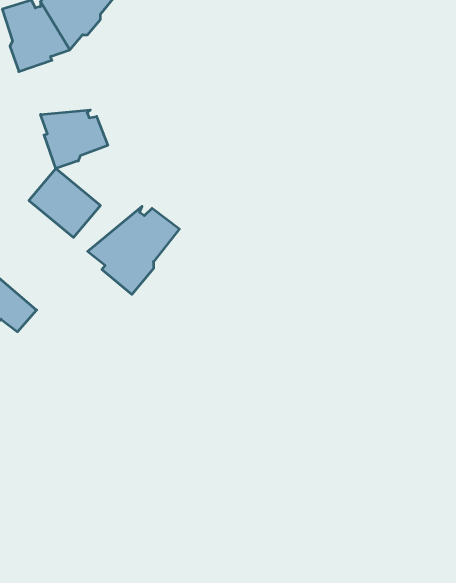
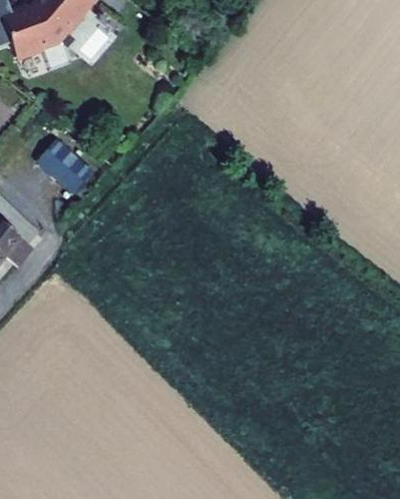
building: [41,110,108,169] -> none
building: [88,206,179,294] -> none

